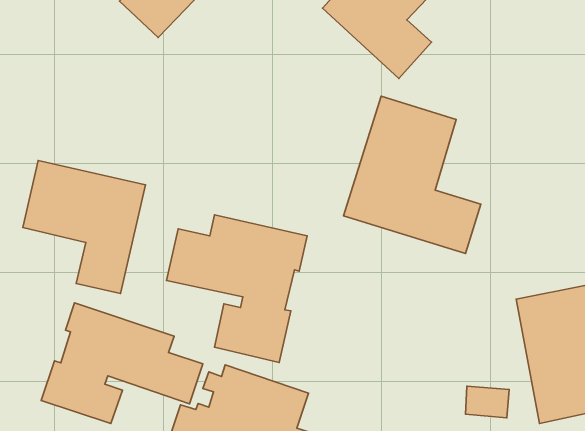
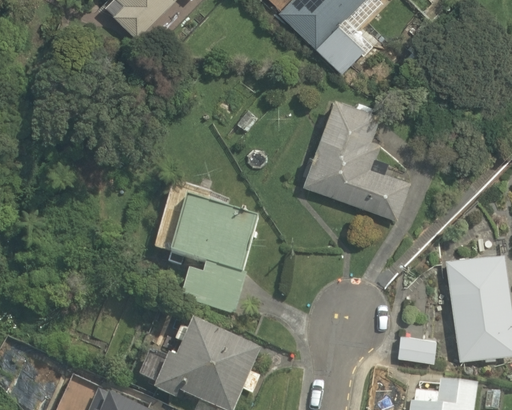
building: [23,160,146,294] -> none
building: [41,303,203,423] -> none

